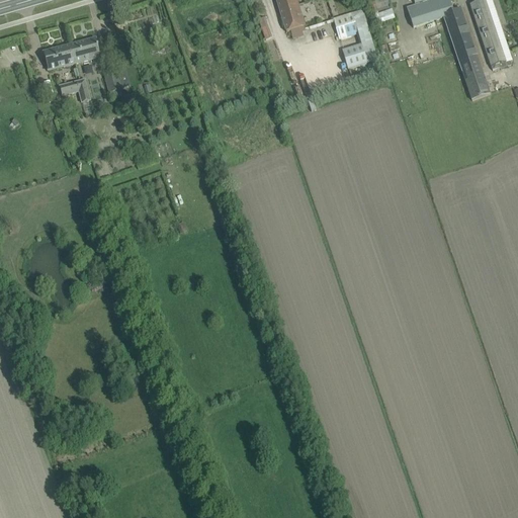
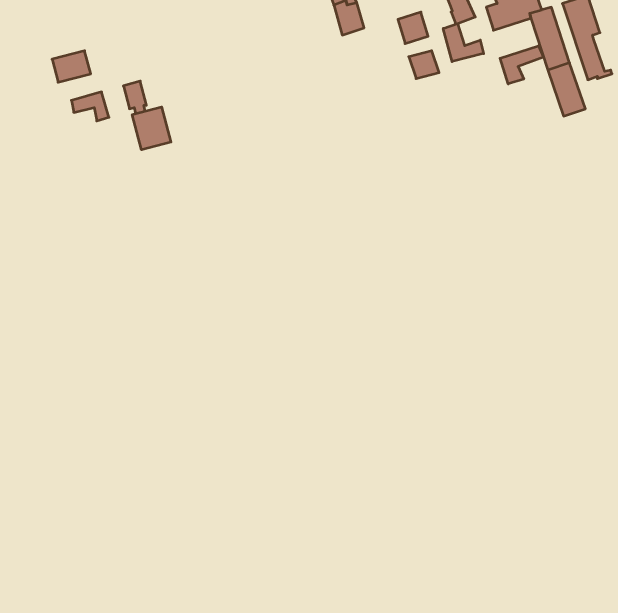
building: none -> [443,24,484,62]
building: [71,36,101,62] -> none
building: none -> [500,46,544,84]
building: none -> [132,107,171,150]

